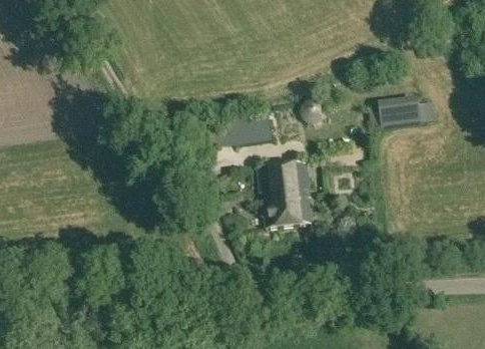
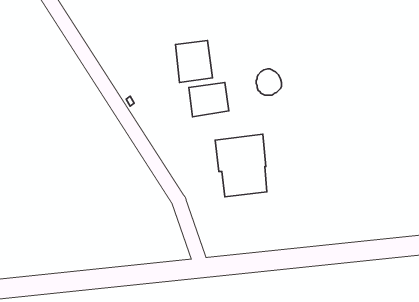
building: none -> [175,40,213,82]
building: [378,96,435,125] -> none

